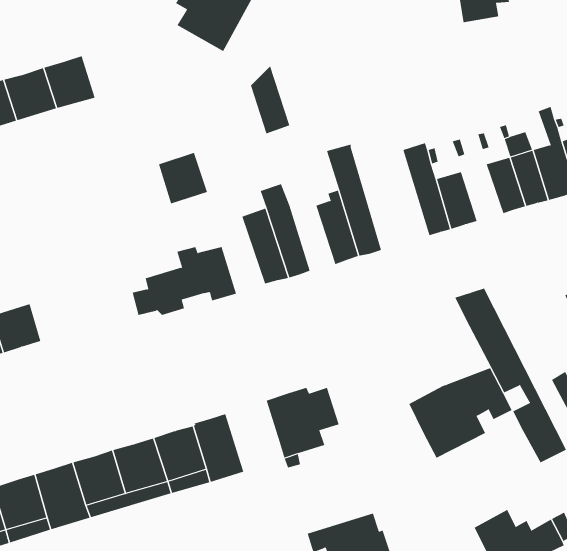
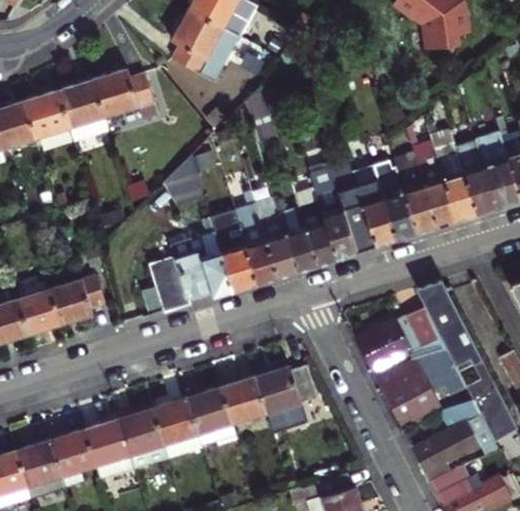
building: none -> [97,69,163,118]
building: none -> [328,154,394,248]
building: none -> [422,174,458,223]
building: none -> [275,204,313,265]
building: none -> [206,207,253,285]
building: none -> [52,281,100,325]
building: none -> [357,307,447,376]
building: none -> [220,376,266,424]
building: none -> [403,402,500,485]

